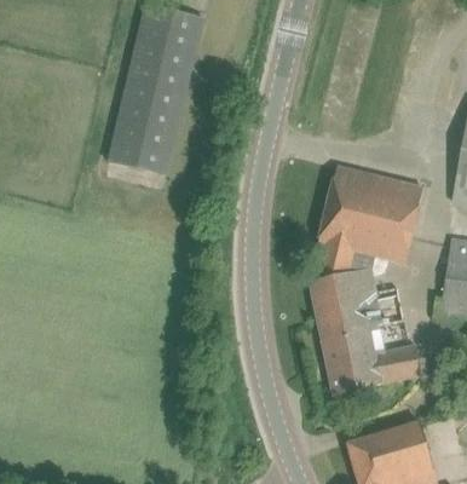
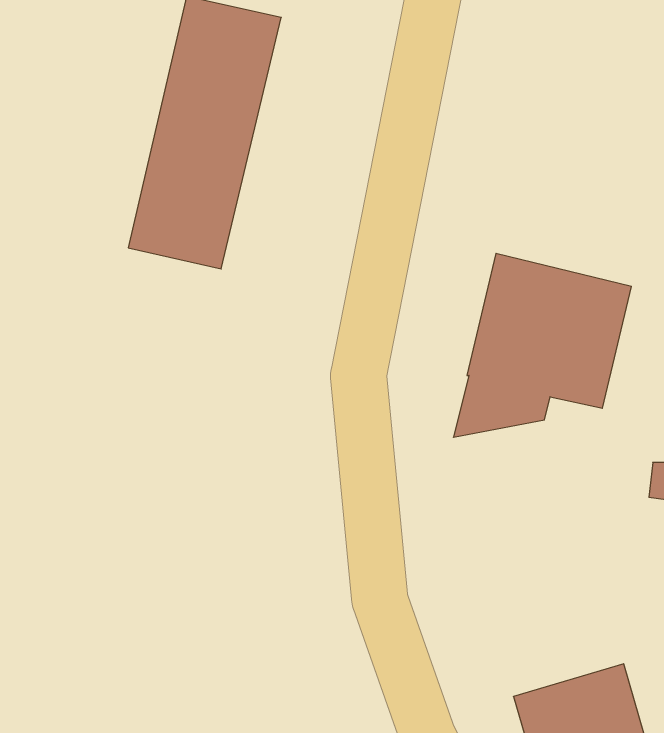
building: [310,270,420,393] -> none

